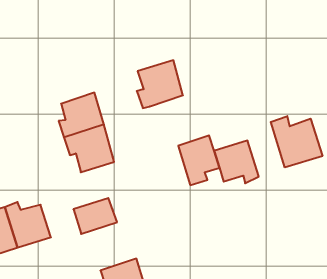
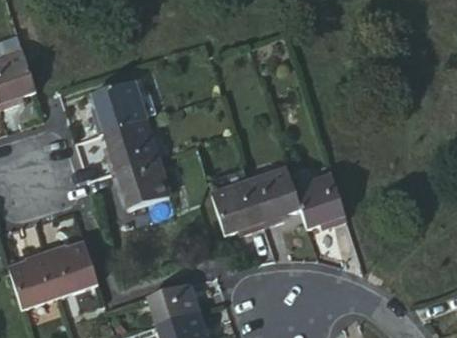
building: [137,60,183,108] -> [95,76,149,132]
building: [271,116,322,167] -> none
building: none -> [210,179,261,231]
building: [73,198,117,234] -> [147,283,198,325]

